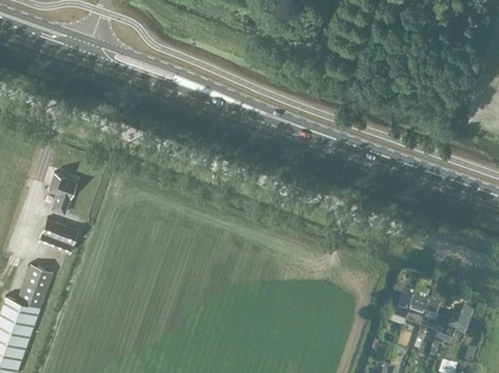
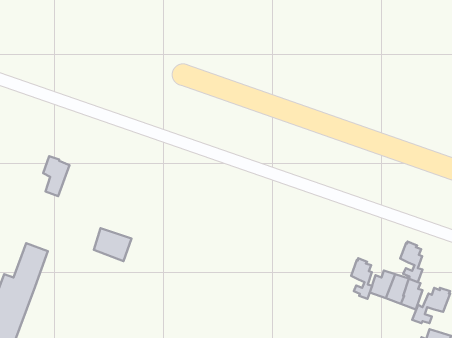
building: [39,217,79,251] -> [94,228,132,261]
building: none -> [400,242,423,282]
building: none -> [351,258,372,299]

